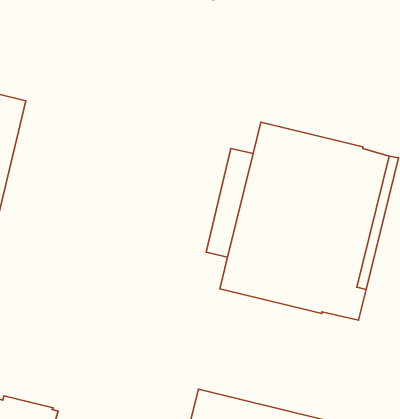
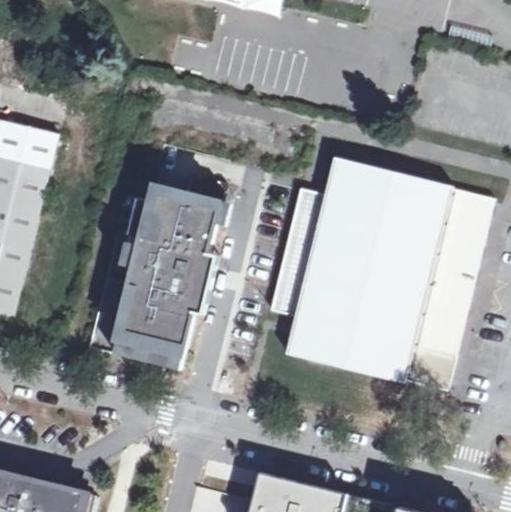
building: none -> [111,176,224,370]

